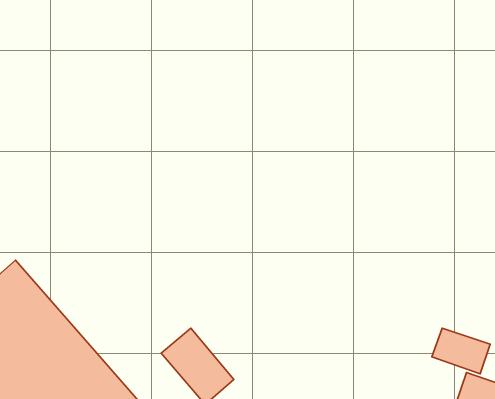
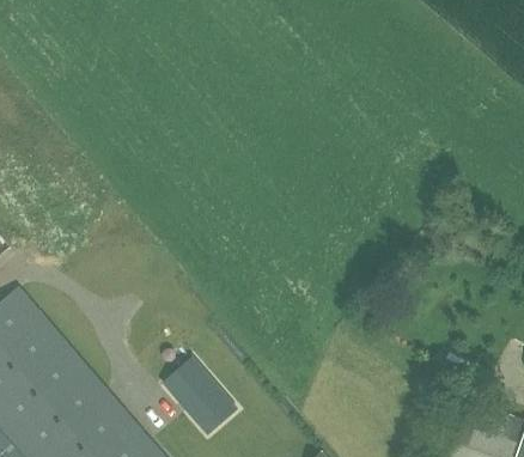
building: [432,328,490,374] -> none

